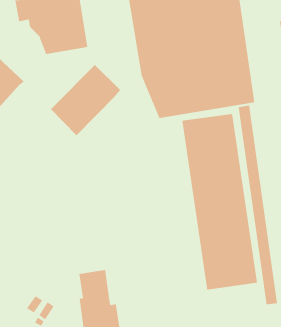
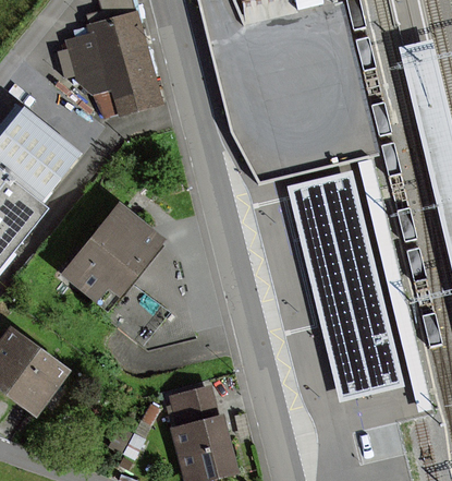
building: [50,64,121,136] -> [69,207,158,302]

